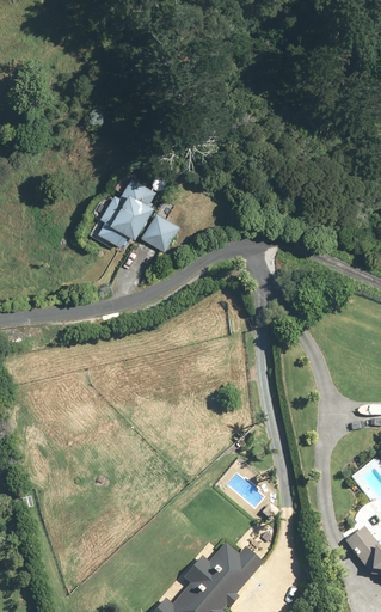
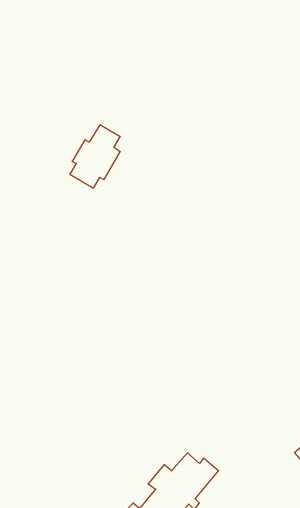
building: [142,213,183,251] -> none

